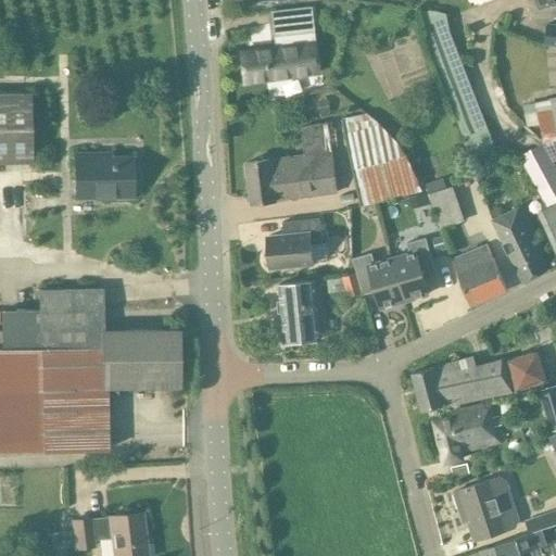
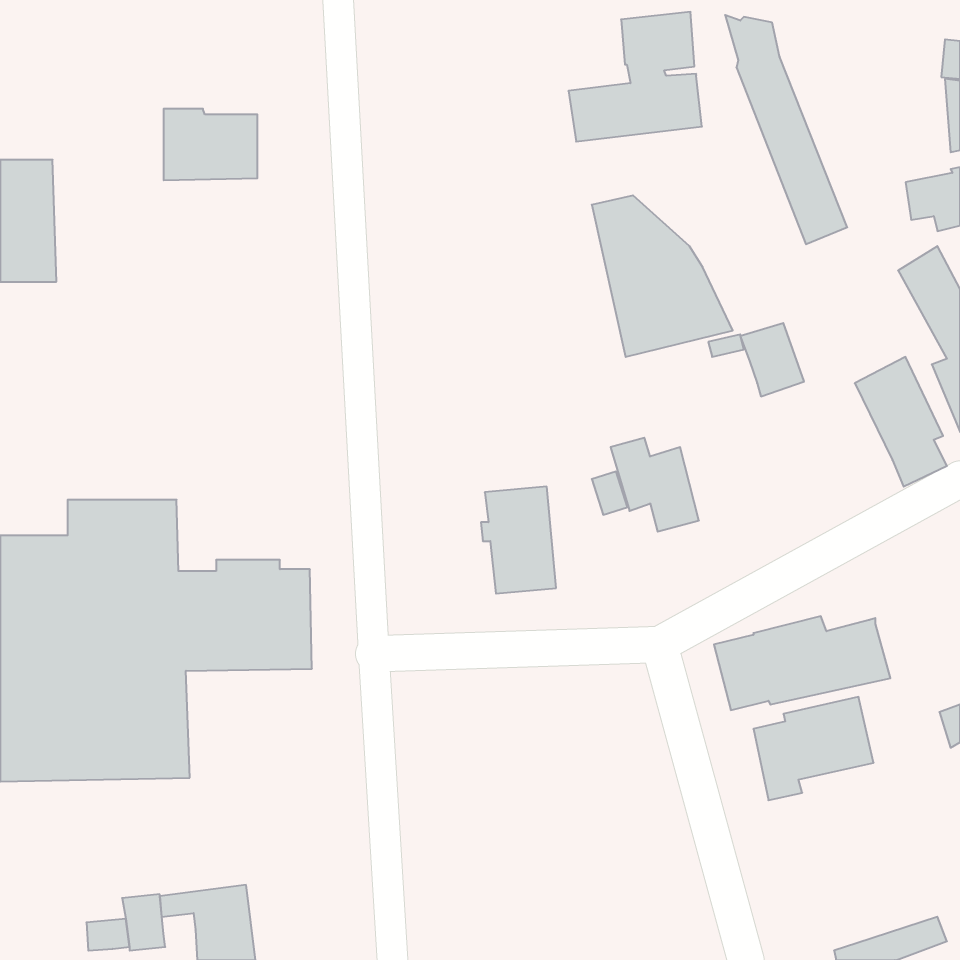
building: [240,7,317,81] -> [568,12,702,142]
building: [245,122,339,203] -> none
building: [77,155,131,197] -> [164,109,257,180]
building: [266,218,328,268] -> none
building: [393,238,438,301] -> none
building: [453,245,507,305] -> none
building: [506,351,548,392] -> none
building: [456,478,519,540] -> none

